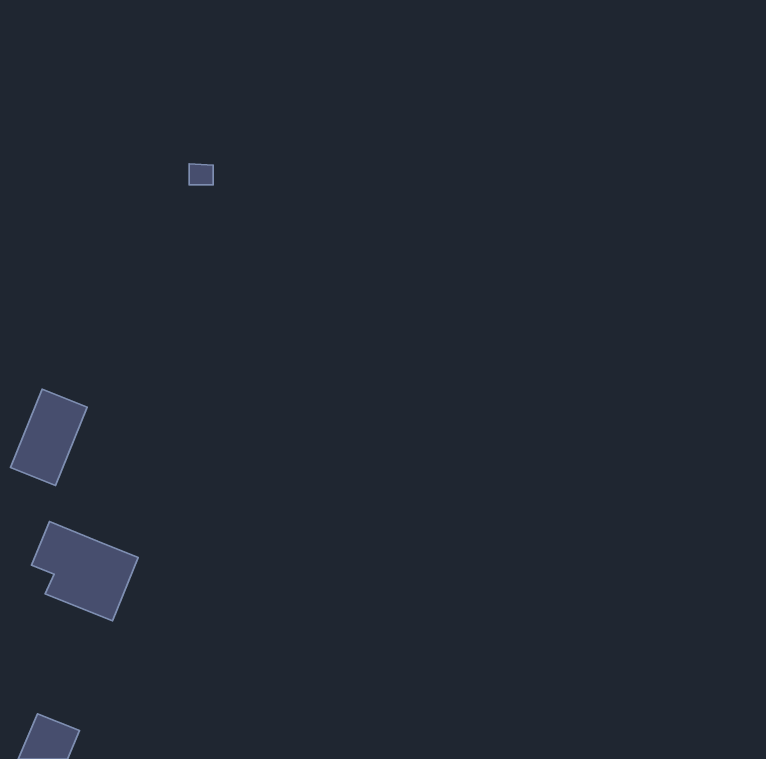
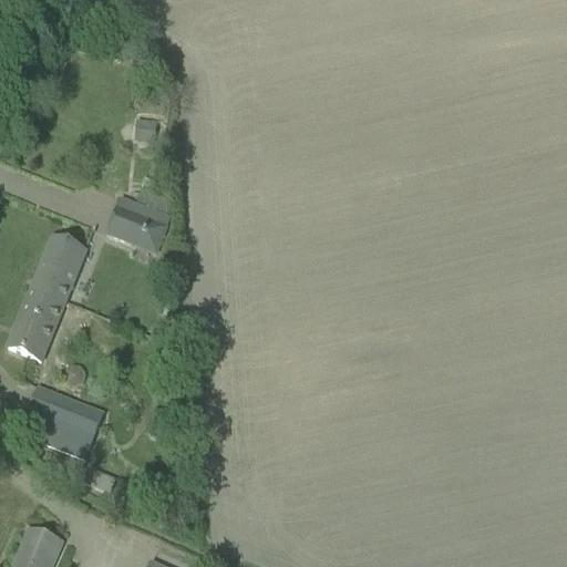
building: none -> [106,197,171,244]
building: none -> [32,237,85,300]

